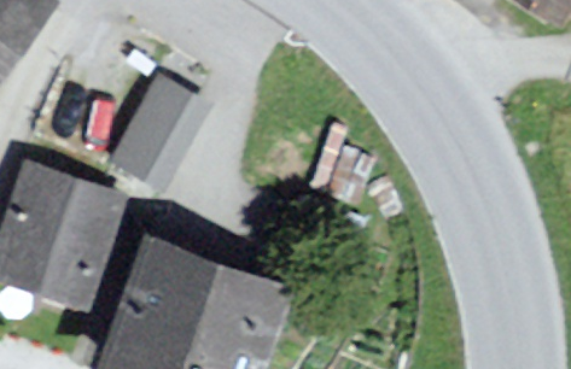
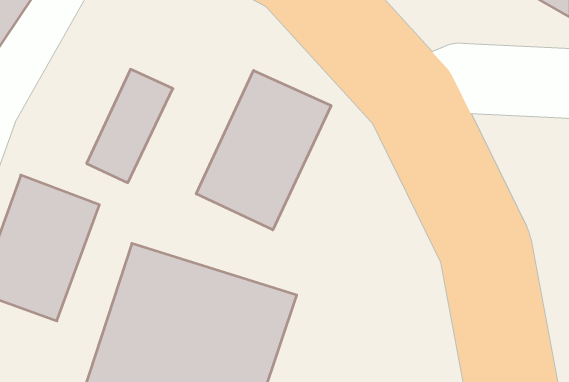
building: none -> [196,70,331,230]

